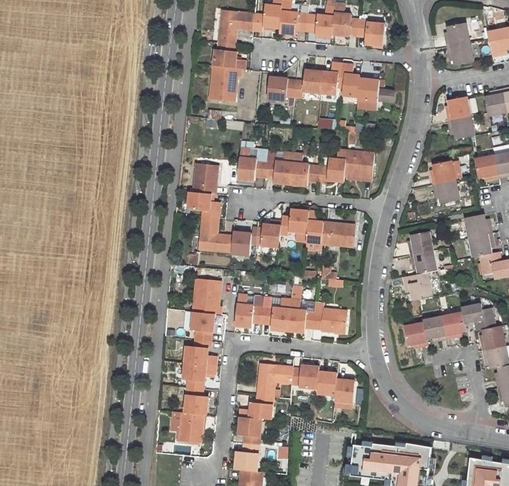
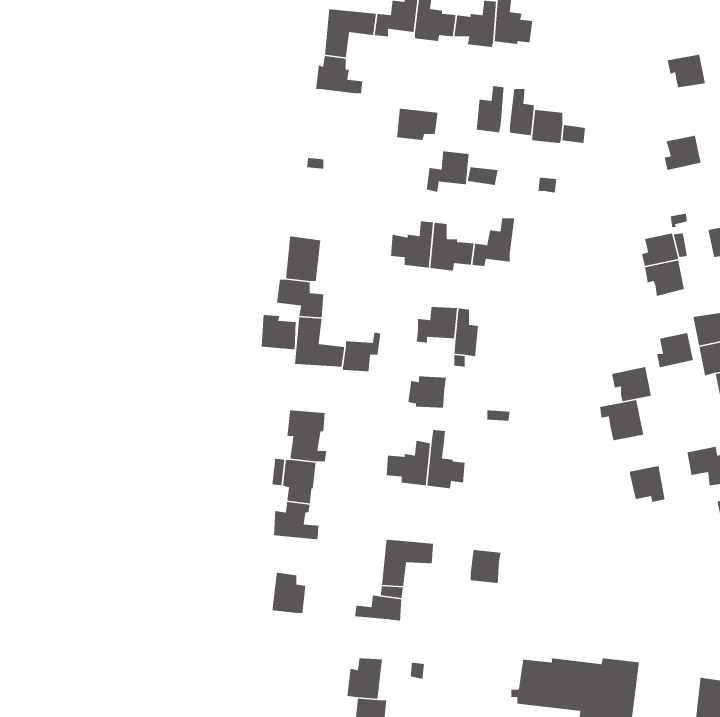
building: [356,19,384,45] -> none
building: [445,22,469,45] -> none
building: [210,65,241,101] -> none
building: [293,69,322,97] -> [426,151,470,193]
building: [447,114,474,139] -> none
building: [237,148,264,180] -> none
building: [343,150,374,177] -> none
building: none -> [261,314,296,350]
building: [324,222,355,246] -> none
building: [255,224,281,246] -> [408,376,447,409]
building: [408,230,433,254] -> [656,332,694,368]
building: [234,294,261,325] -> none
building: [312,302,346,332] -> none
building: [442,311,465,338] -> none
building: [403,321,427,346] -> none
building: [183,362,215,388] -> none
building: [291,365,318,387] -> none
building: [334,379,354,401] -> none
building: [180,412,202,442] -> none
building: [238,416,261,444] -> none

